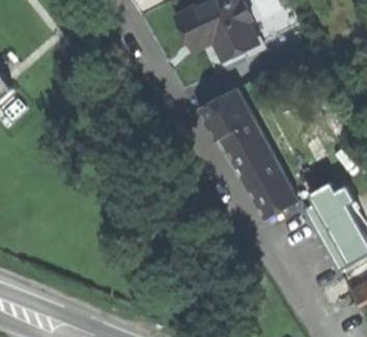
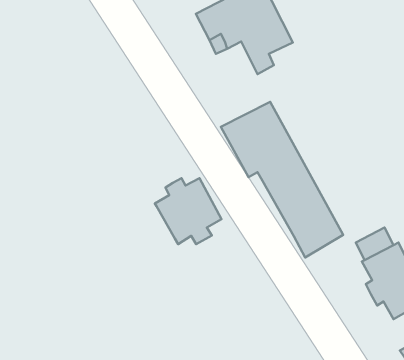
building: none -> [155,178,221,244]

